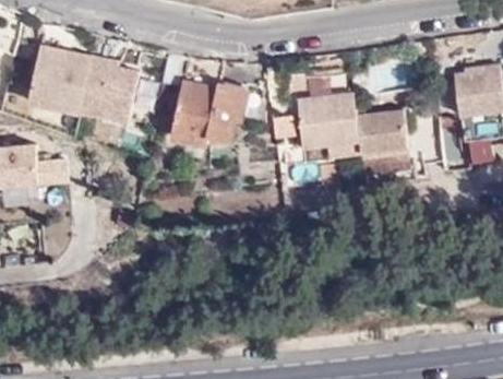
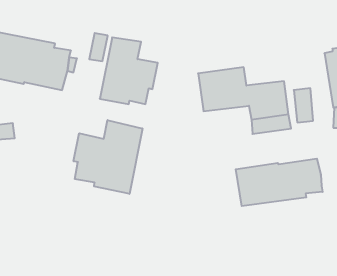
building: none -> [74,120,142,194]
building: none -> [236,159,323,206]

